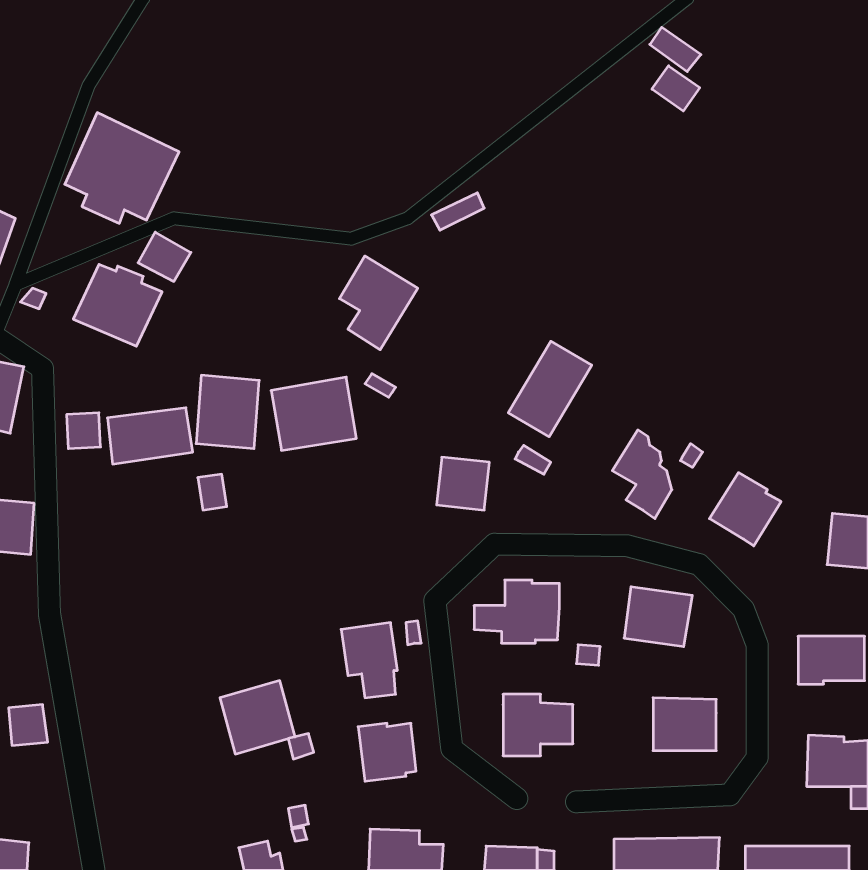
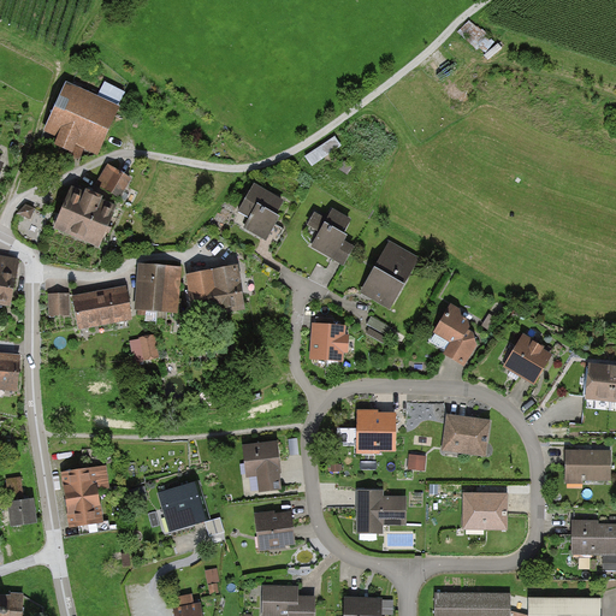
building: [652,66,700,111] -> none
building: none -> [306,207,351,263]
building: none -> [63,466,111,526]

